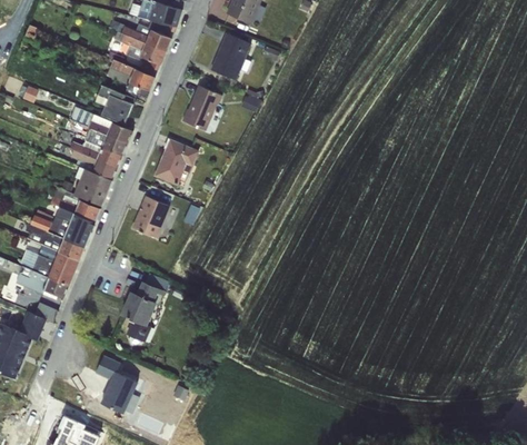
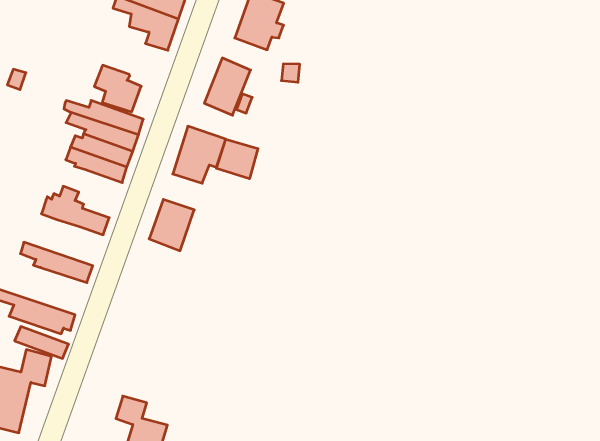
building: [106,51,156,98] -> none
building: none -> [216,139,258,179]
building: [73,168,112,205] -> none
building: [30,207,90,246] -> none
building: [20,245,79,285] -> none
building: [119,280,166,339] -> none

